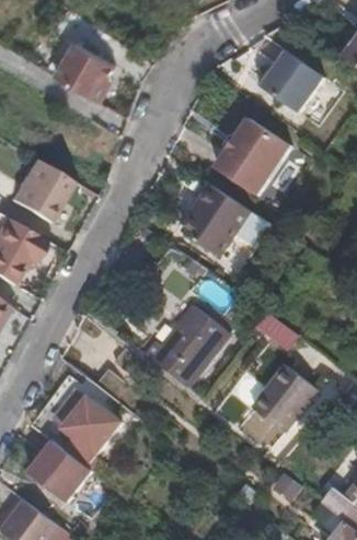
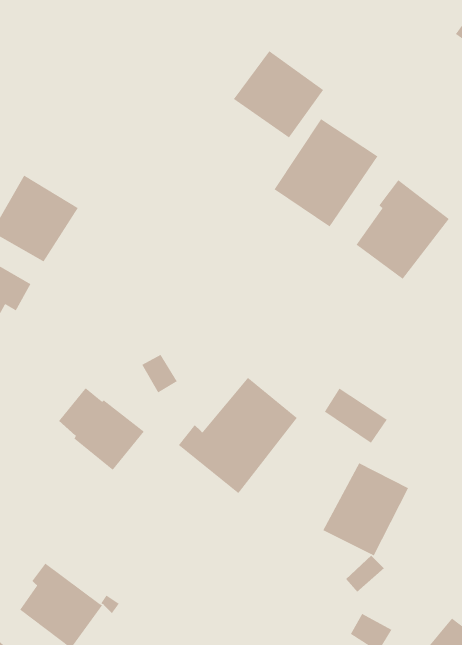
building: [55,44,114,102] -> none
building: [256,50,322,114] -> [233,50,324,139]
building: [180,188,247,260] -> [356,179,450,280]
building: [56,391,118,451] -> [58,387,145,471]

